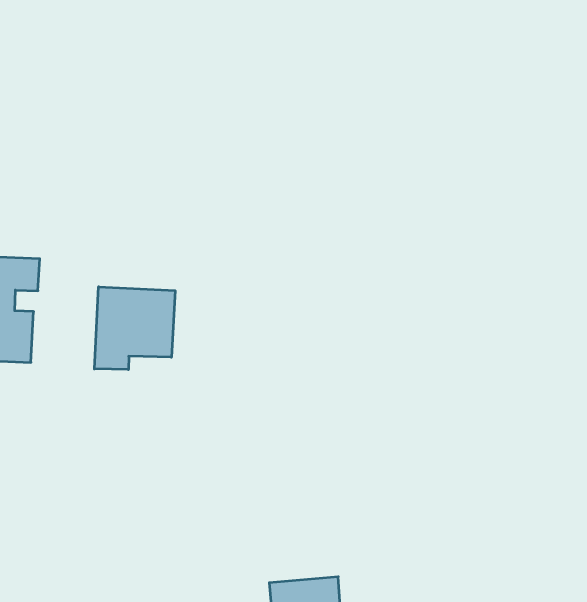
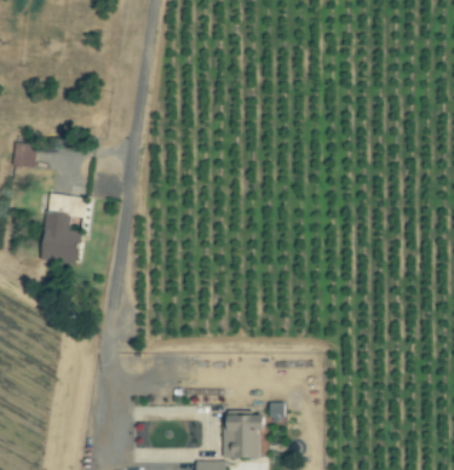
building: [94,287,175,370] -> none

